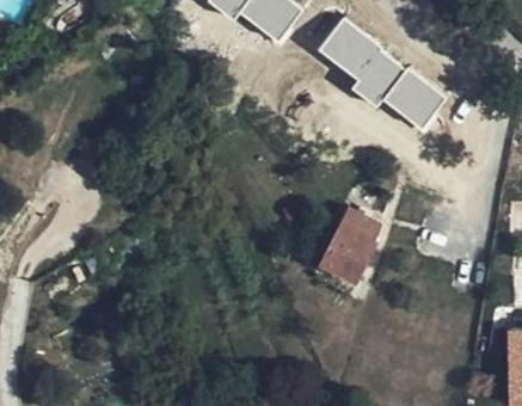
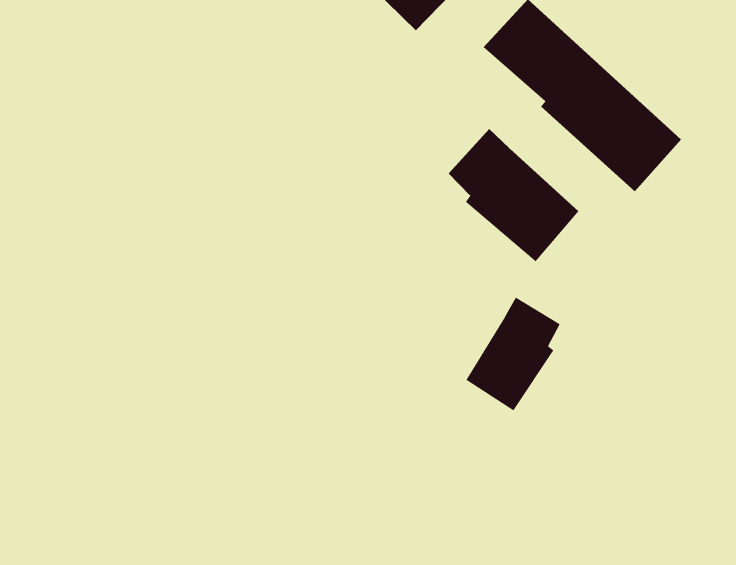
building: none -> [448,128,579,262]

